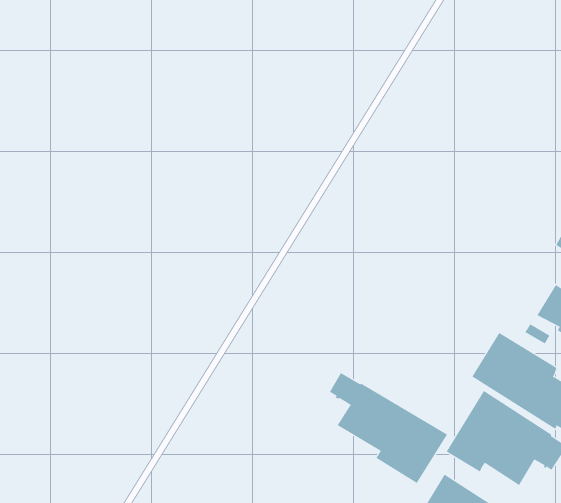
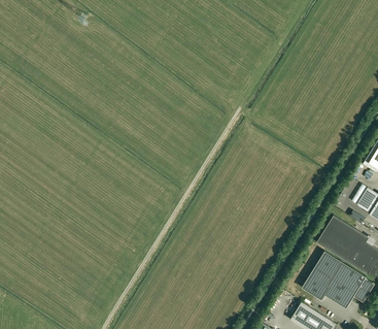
building: [329,372,448,484] -> none

